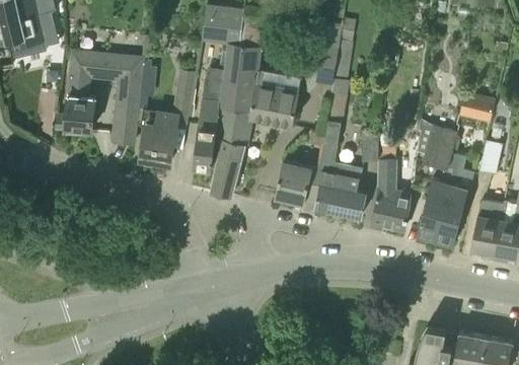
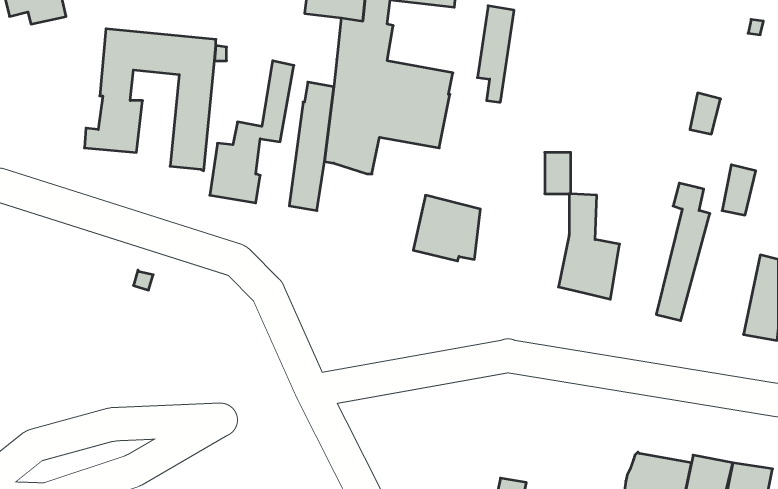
building: [315,121,367,217] -> none
building: [417,127,457,240] -> none
building: [210,140,244,199] -> none
building: [470,200,505,253] -> none

